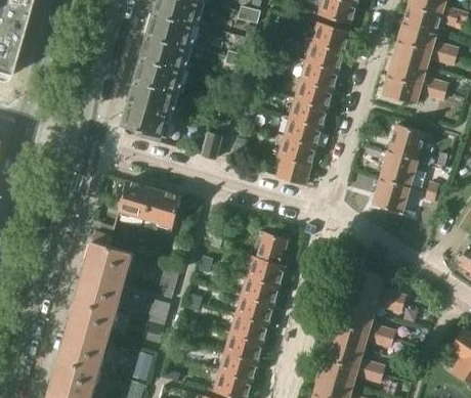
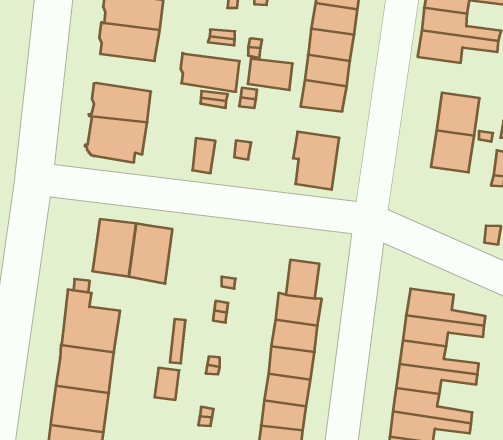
building: [139,56,185,91] -> [181,53,240,92]
building: [285,119,320,146] -> [248,59,293,90]
building: [374,178,409,212] -> none

